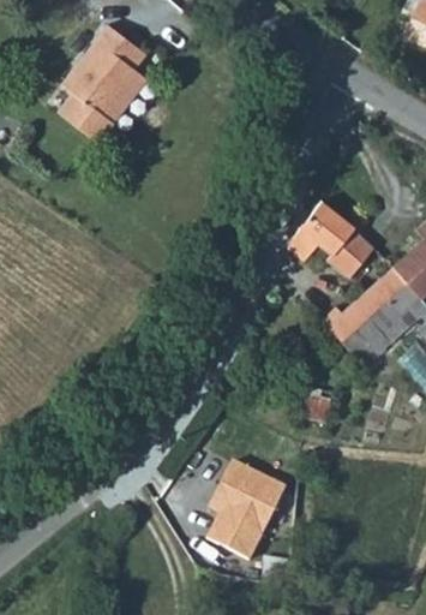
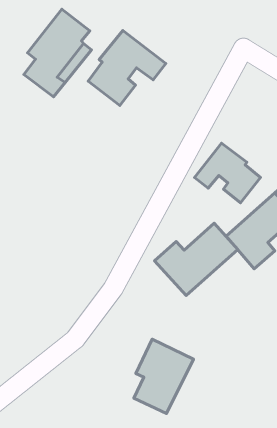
building: none -> [88,30,166,106]
building: none -> [155,223,238,295]

